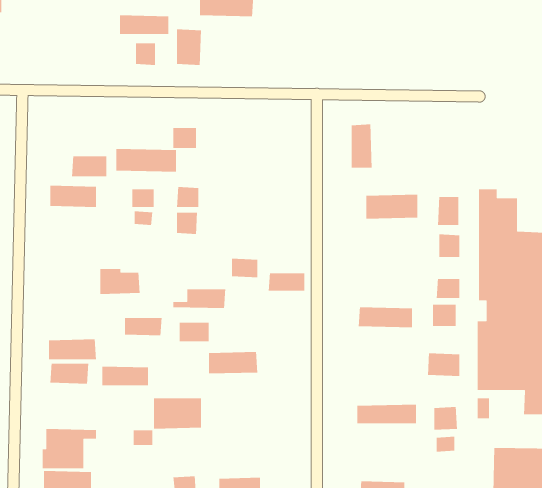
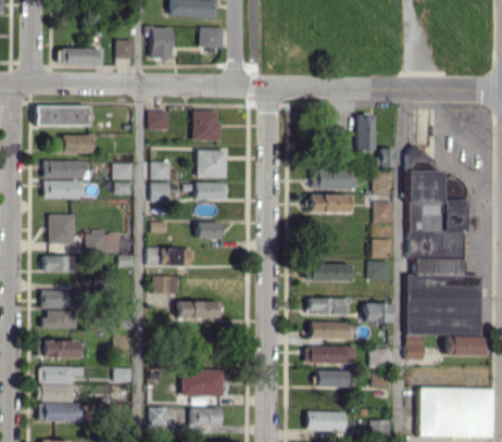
building: [119,14,169,35] -> [60,48,102,65]
building: none -> [200,27,224,48]
building: [351,124,373,168] -> [356,113,375,151]
building: none -> [192,111,221,141]
building: [115,148,177,173] -> [36,105,88,126]
building: none -> [197,150,227,177]
building: none -> [42,180,80,199]
building: none -> [311,194,350,213]
building: none -> [49,214,74,243]
building: [268,272,305,292] -> [194,182,226,199]
building: [124,317,163,336] -> [45,255,77,271]
building: none -> [309,298,349,315]
building: [101,366,149,386] -> [38,340,78,357]
building: none -> [310,321,348,339]
building: [153,397,202,429] -> [181,369,223,396]
building: none -> [317,370,347,387]

